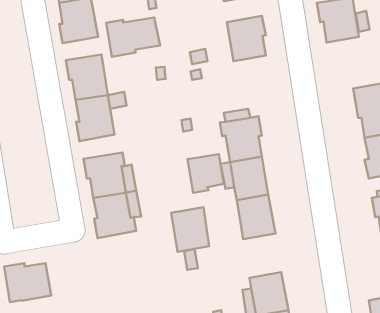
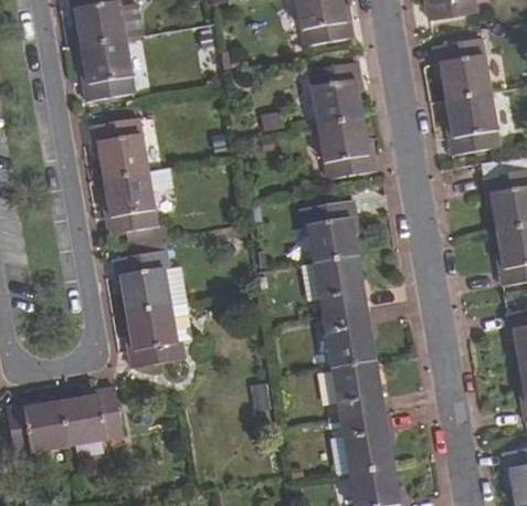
building: [106,17,160,57] -> none
building: none -> [446,93,499,156]
building: none -> [319,118,377,179]
building: [188,154,224,193] -> none
building: [171,207,209,252] -> [333,361,384,422]
building: none -> [63,389,125,446]

